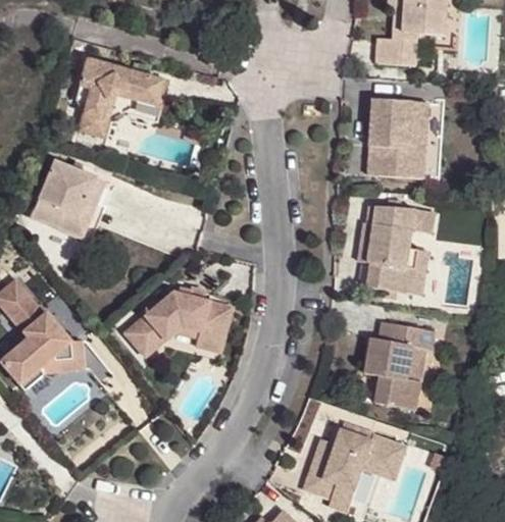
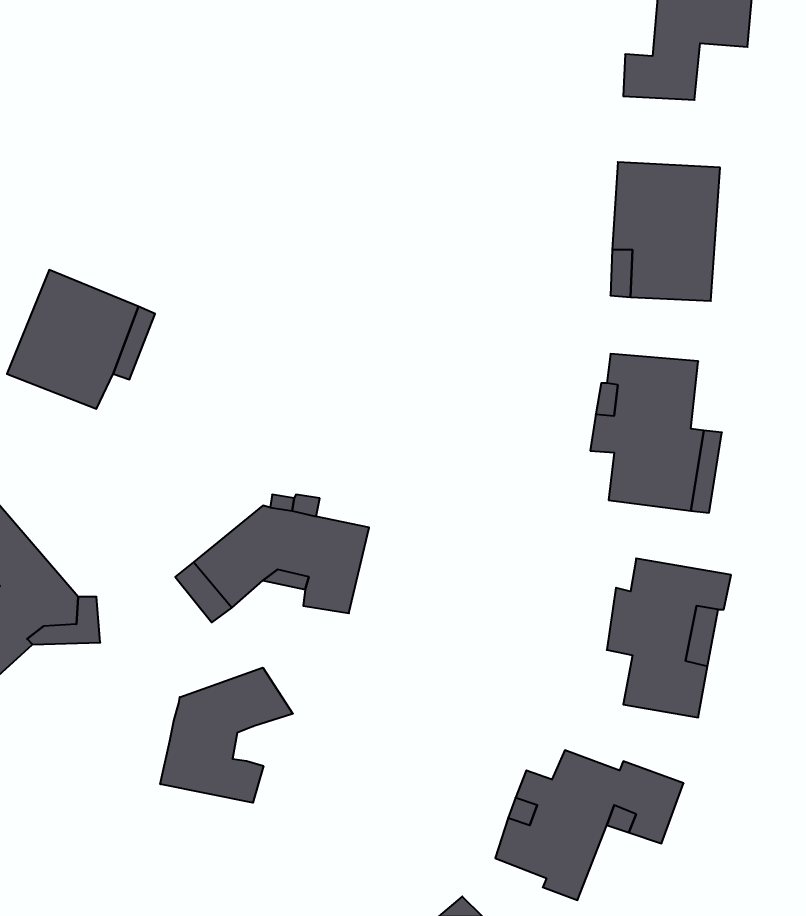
building: [75,59,168,138] -> none
building: none -> [160,668,293,803]

